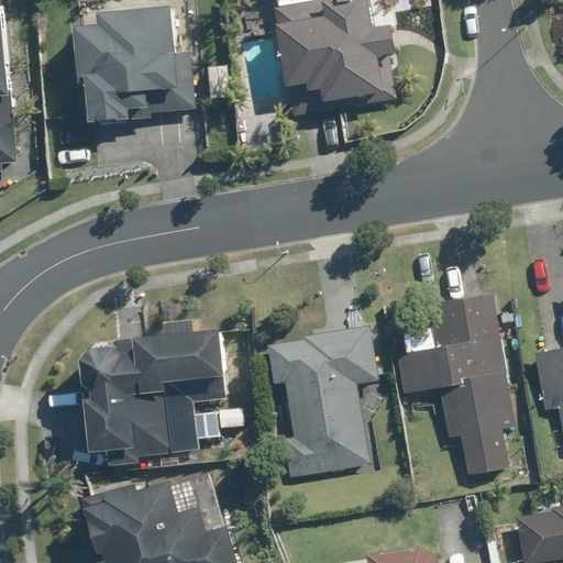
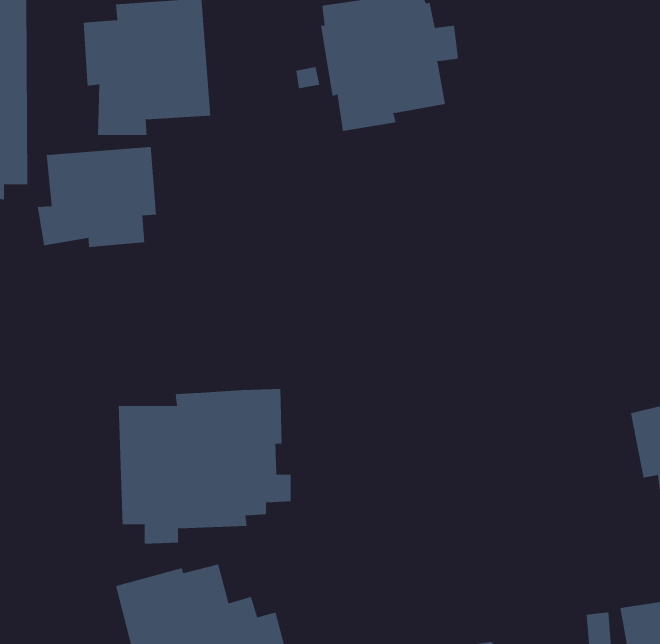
building: none -> [37,146,157,248]
building: [396,295,514,474] -> none
building: [267,327,377,478] -> none

